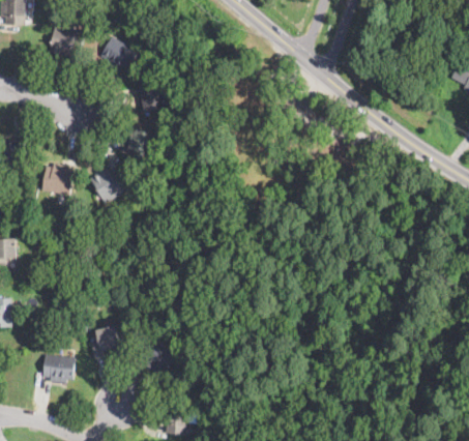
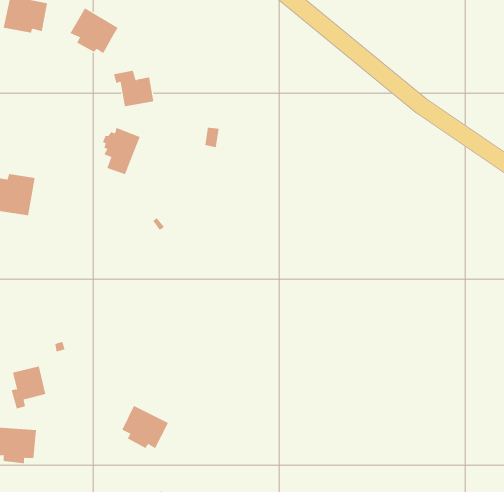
building: [89,170,128,204] -> none
building: [91,326,118,359] -> [11,366,46,409]

